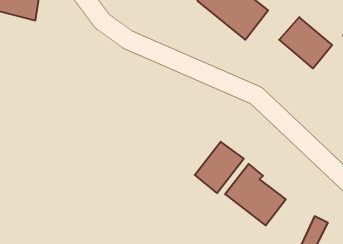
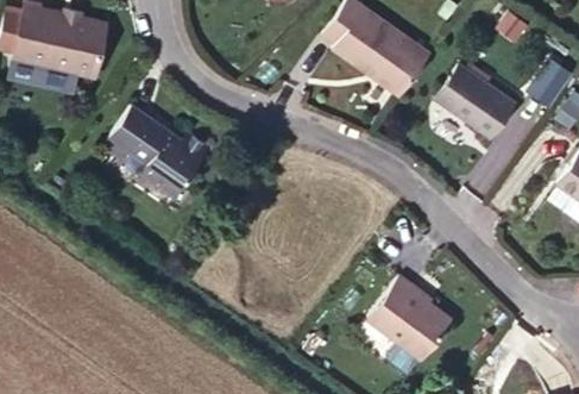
building: none -> [105,111,213,207]
building: [195,142,244,193] -> none

